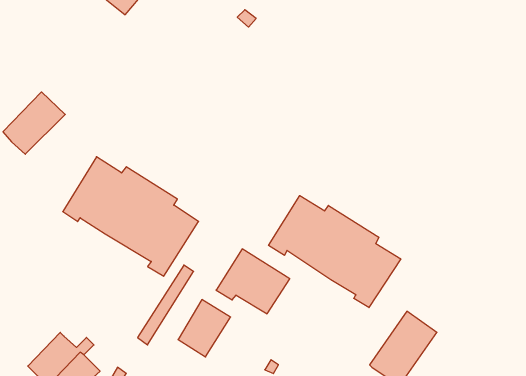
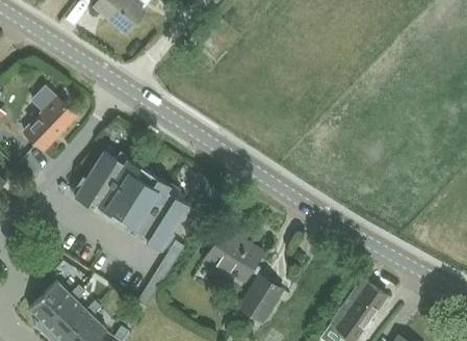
building: [269,196,401,308] -> none
building: [178,300,231,357] -> [238,276,282,323]
building: none -> [28,282,84,325]

